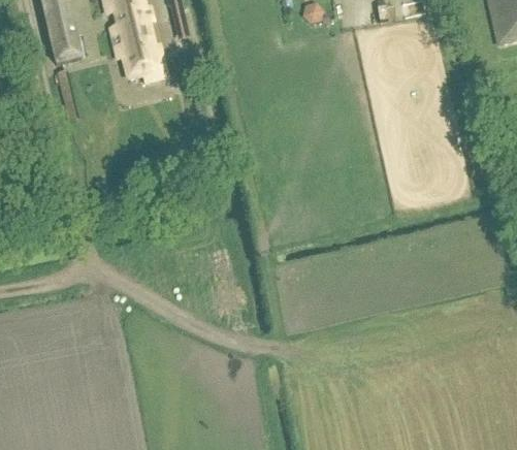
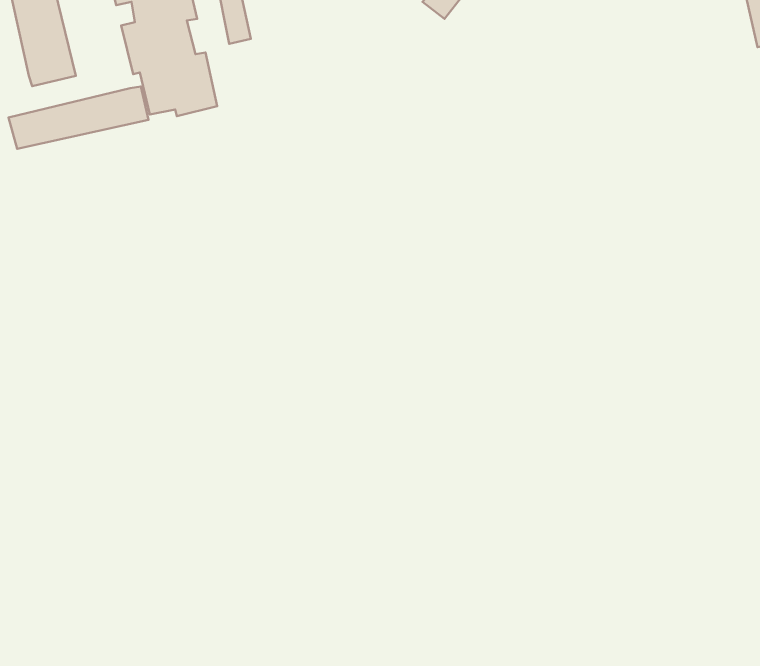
building: none -> [9,87,148,149]

